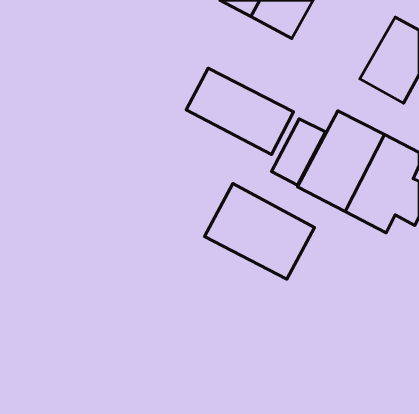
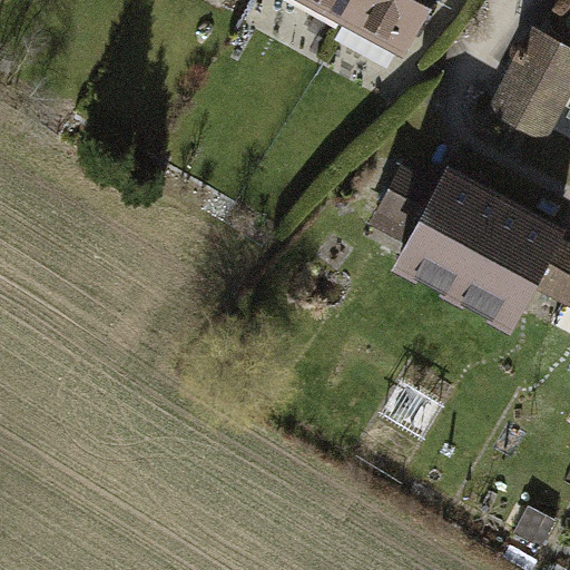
building: [186,68,294,154] -> none
building: [205,184,315,279] -> none

